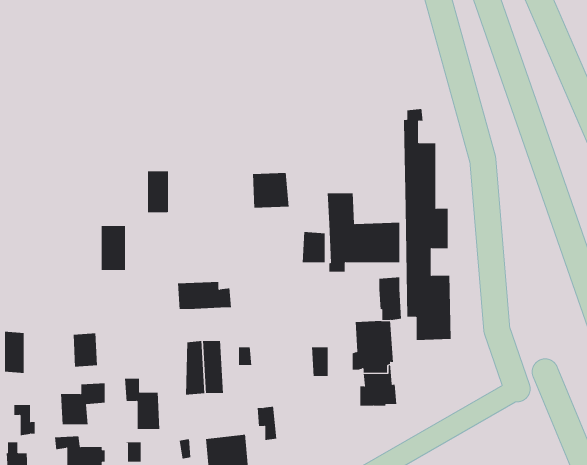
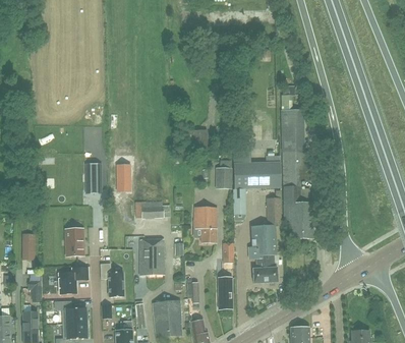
building: [147,171,169,213] -> [116,163,130,190]
building: none -> [193,206,217,242]
building: none -> [218,277,232,308]

